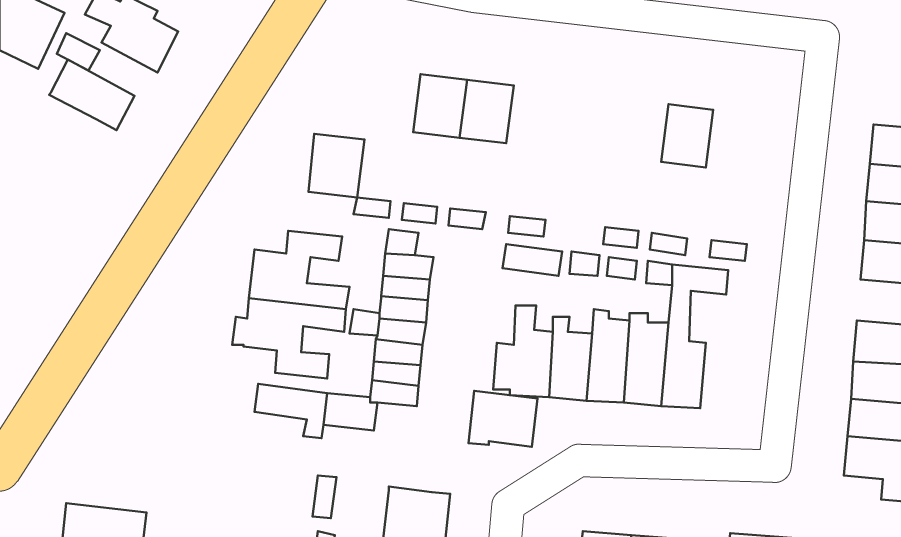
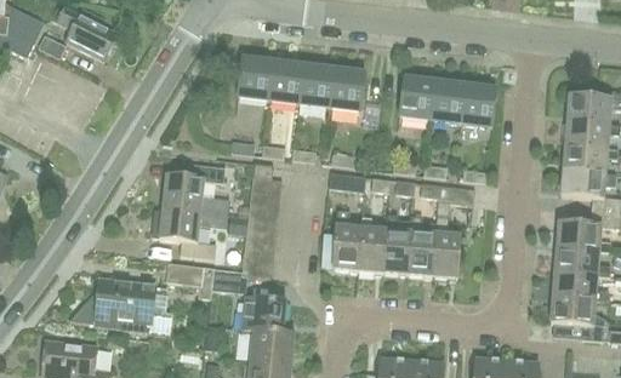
building: [49,60,134,130] -> none
building: none -> [330,68,366,109]
building: none -> [399,76,435,118]
building: none -> [460,84,496,125]
building: [309,134,365,197] -> [238,57,274,98]
building: [468,391,537,447] -> [240,296,285,332]
building: none -> [68,277,171,330]

